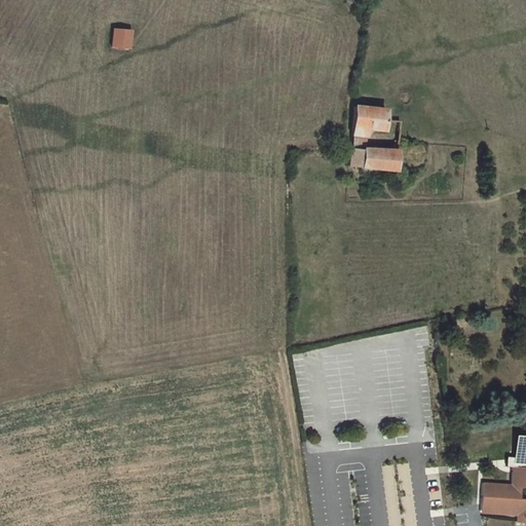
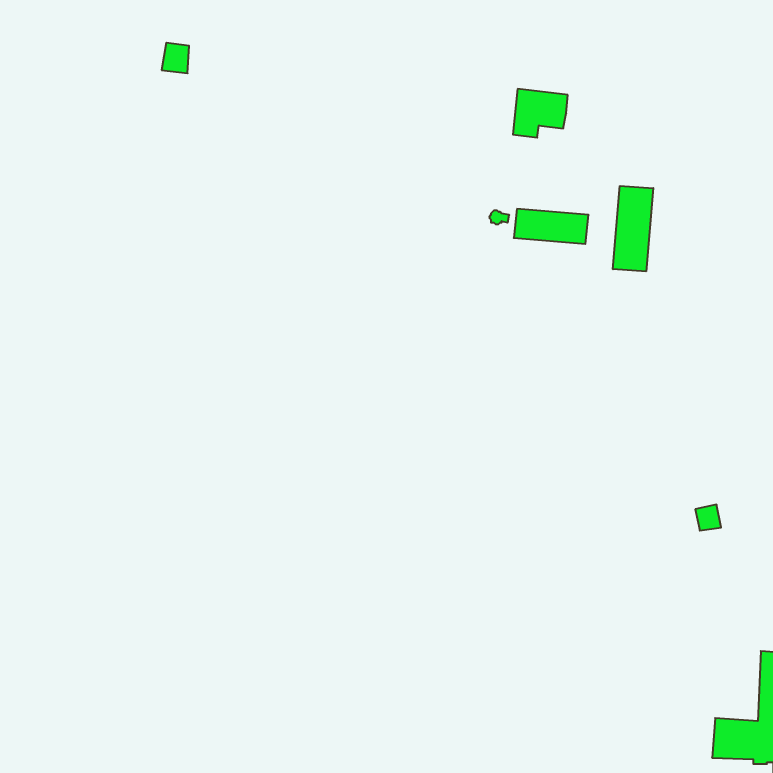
building: [352,104,389,137] -> [513,89,568,138]
building: none -> [613,186,653,271]

